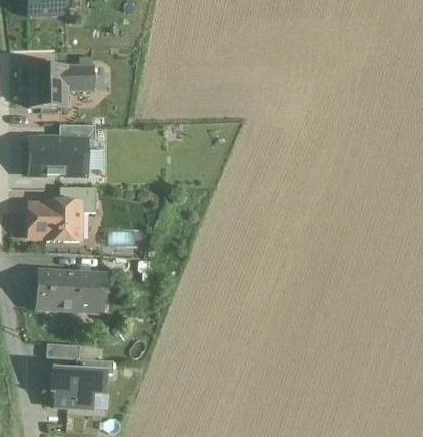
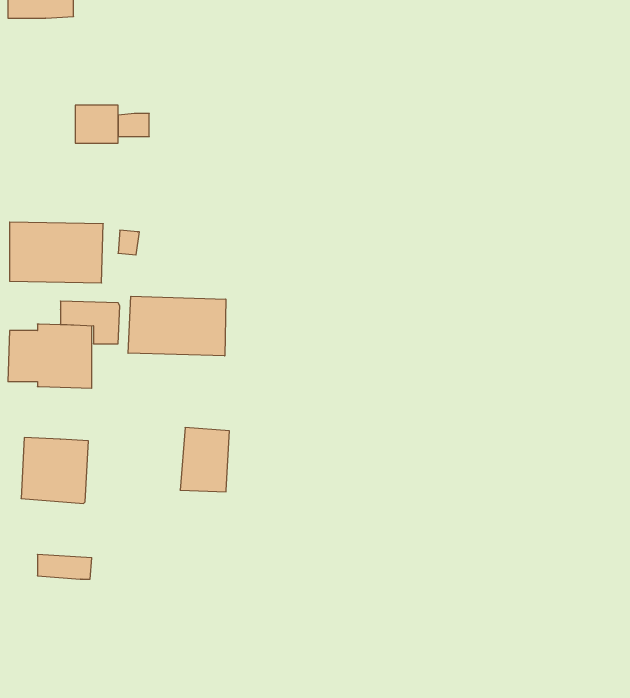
building: [32,65,69,103] -> none
building: none -> [128,296,226,356]
building: [75,271,105,310] -> [180,428,229,492]
building: [51,369,104,407] -> none

